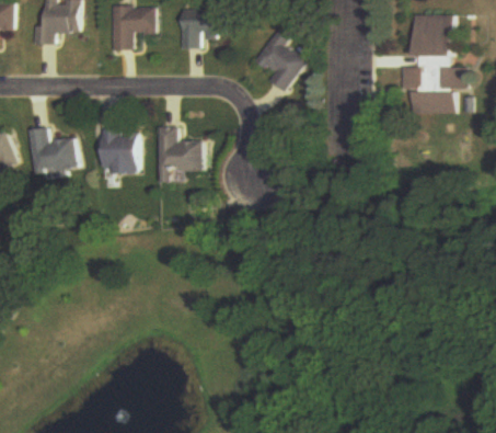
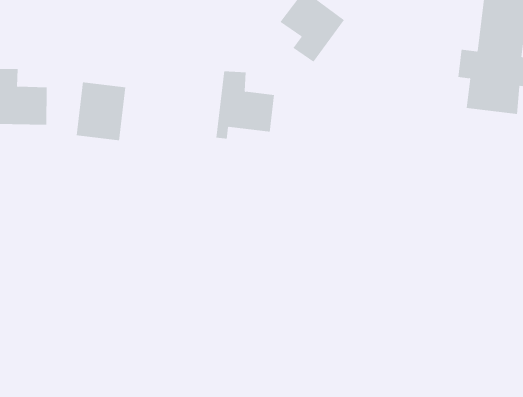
building: [159,126,203,182] -> [215,71,275,139]

